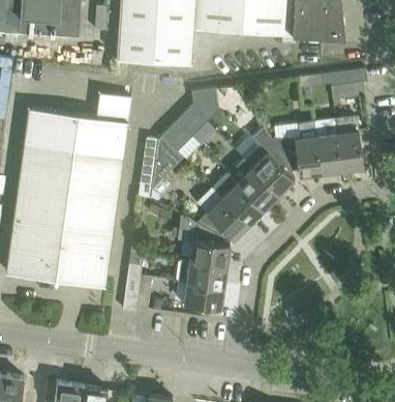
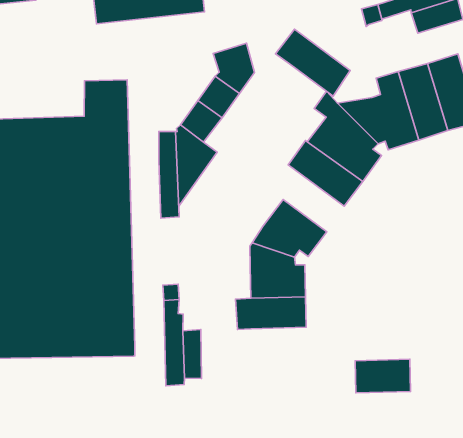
building: [215,175,264,225] -> [276,29,350,96]
building: [184,282,224,309] -> [355,359,411,393]

